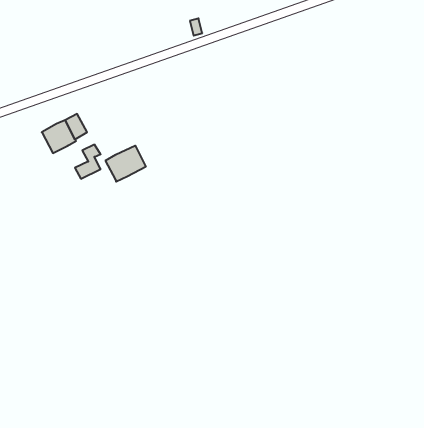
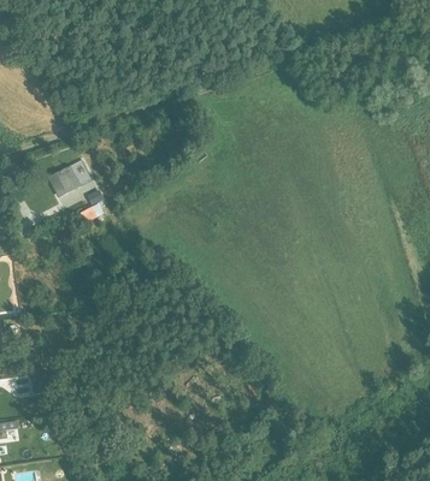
building: [106,146,146,182] -> none

